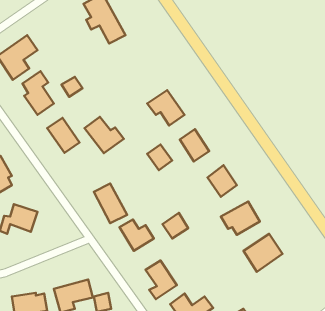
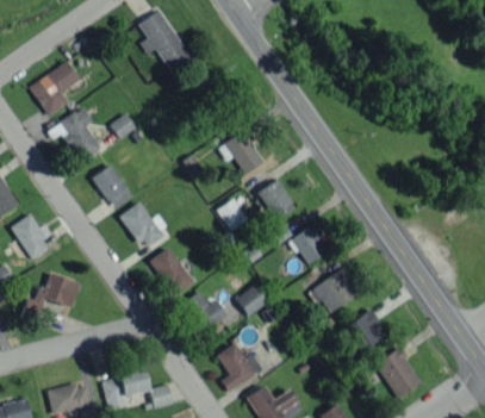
building: [85,117,124,153] -> [119,201,168,247]
building: none -> [375,347,422,398]

